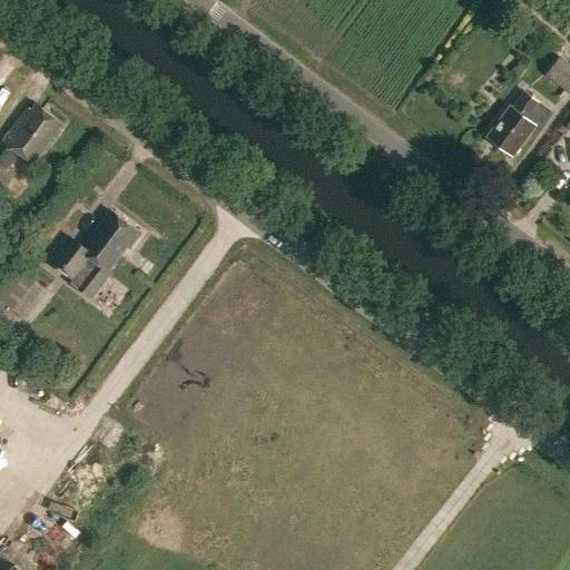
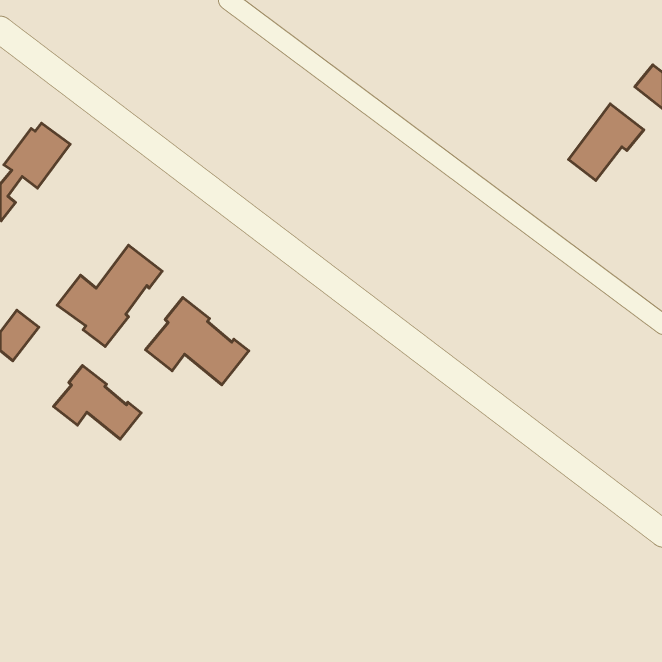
building: none -> [145,298,249,385]
building: none -> [54,365,141,439]

